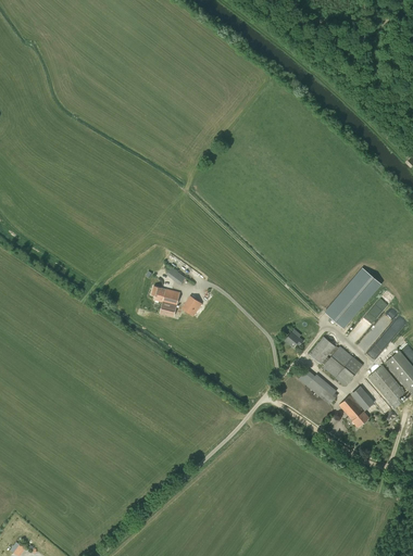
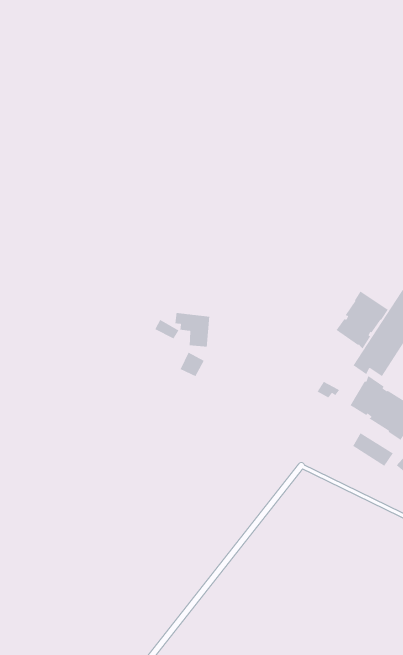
building: none -> [336,290,389,349]
building: [151,285,179,315] -> [174,312,210,347]

